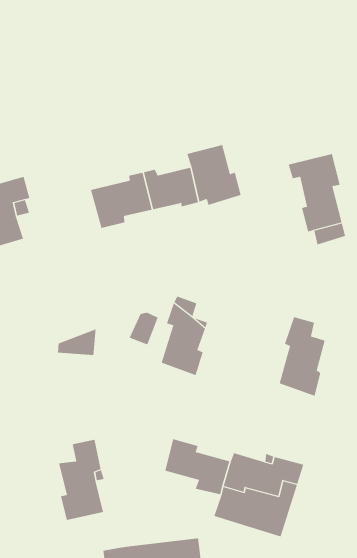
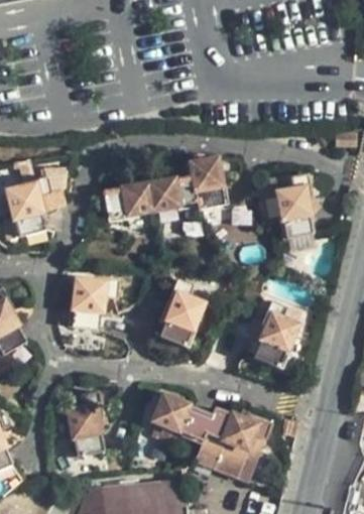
building: none -> [75,277,125,313]

